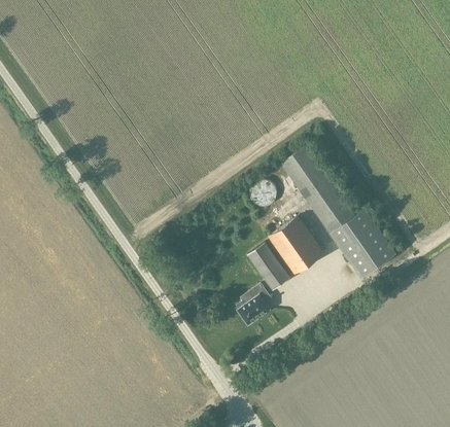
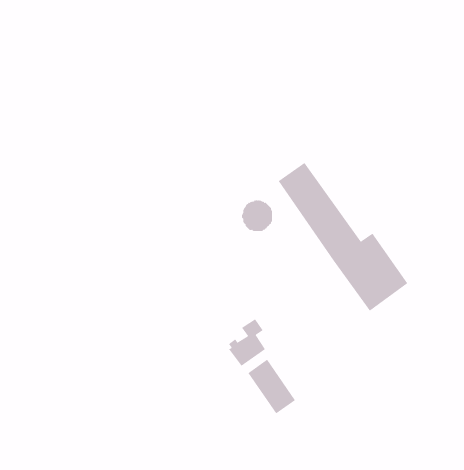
building: [269,216,324,274] -> none
building: [248,242,290,290] -> [247,359,296,414]

